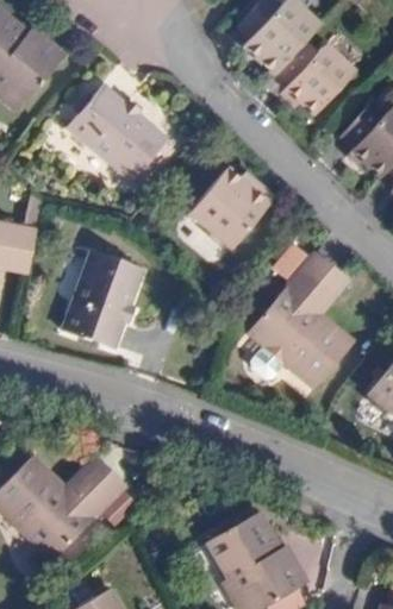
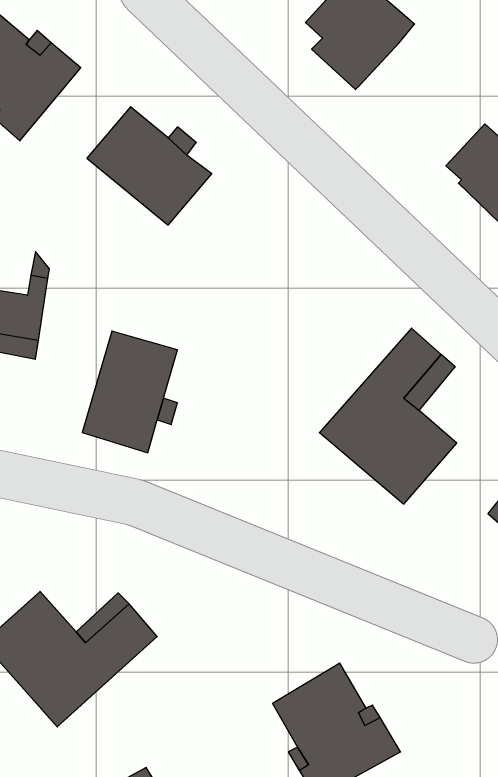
building: [276,36,353,108] -> none
building: [188,162,283,253] -> none

